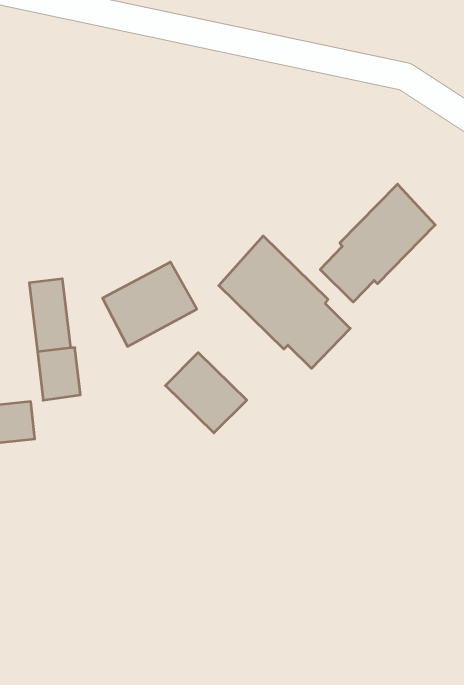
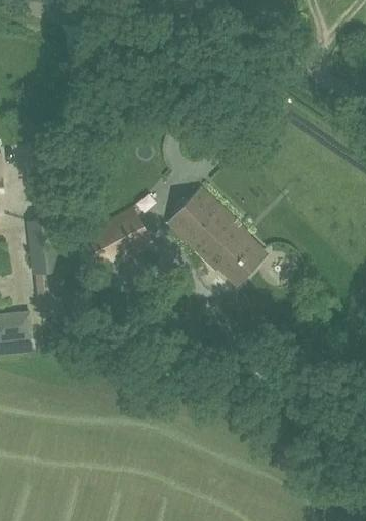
building: [320,184,435,302] -> none
building: [165,353,247,433] -> none

